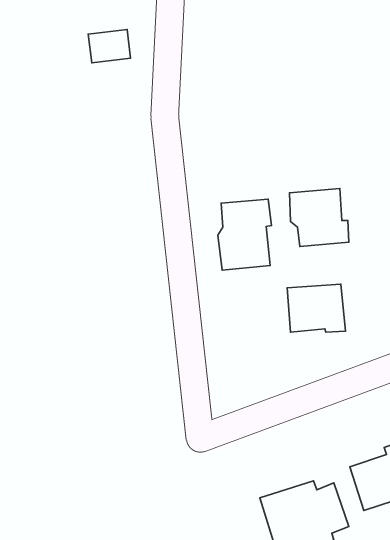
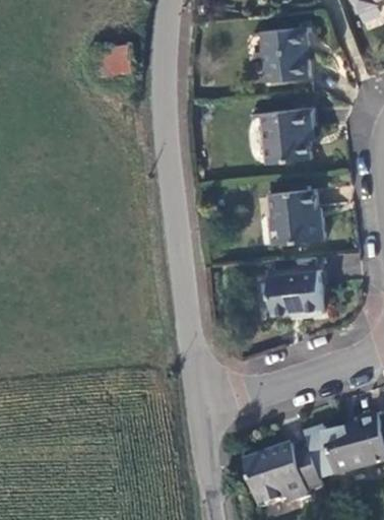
building: none -> [262,26,306,81]
building: none -> [262,107,314,159]
building: [218,199,271,270] -> none

